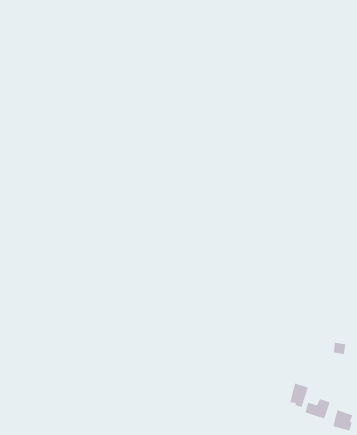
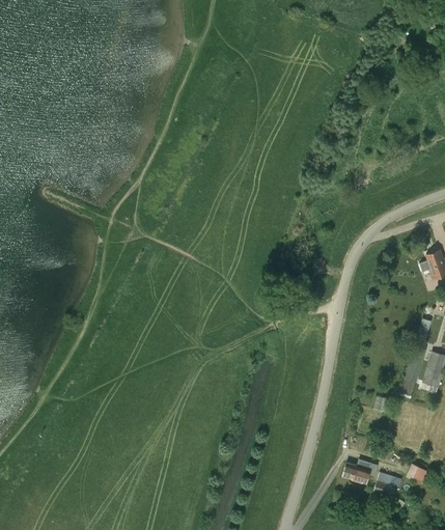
building: [289,382,309,408] -> none

